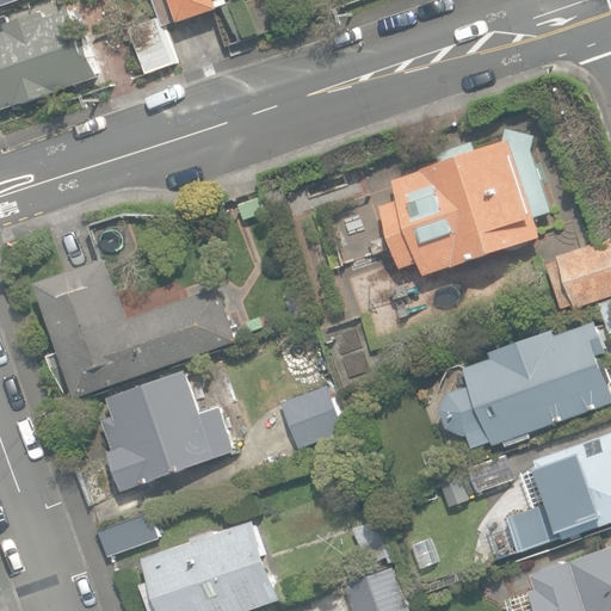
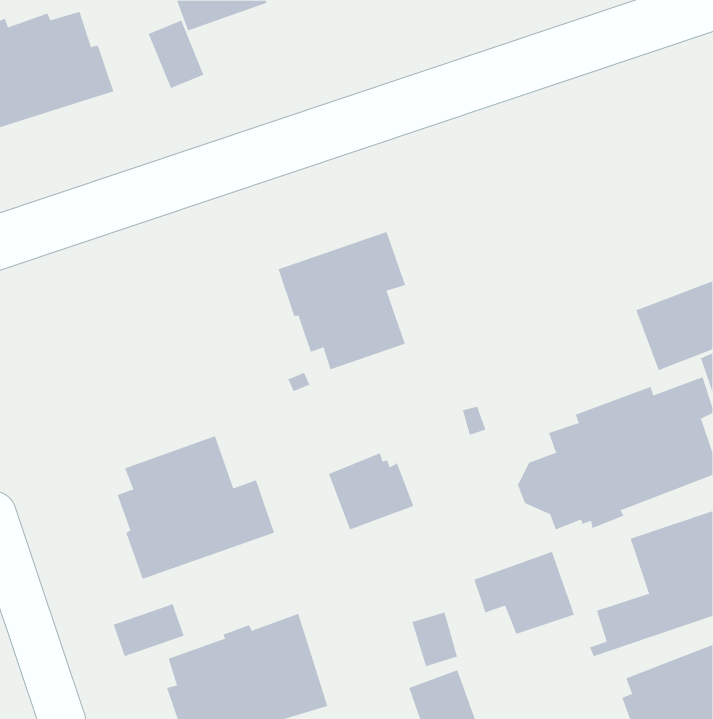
building: [379,128,550,277] -> none
building: none -> [278,231,406,370]
building: [35,259,234,397] -> none

